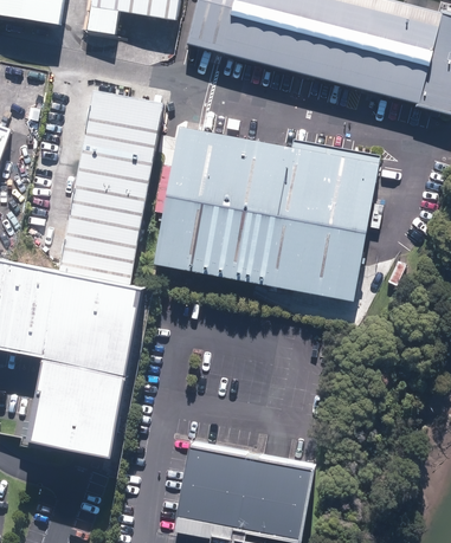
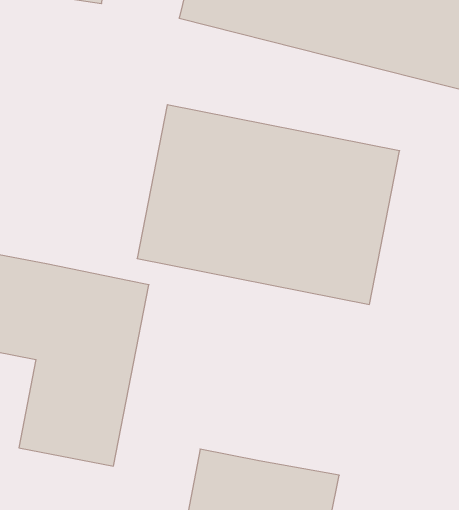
building: [58,90,167,283] -> none

